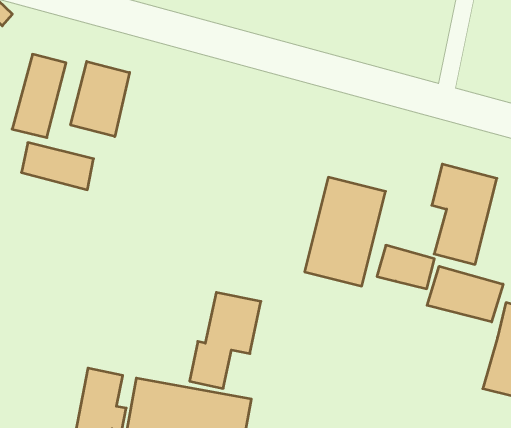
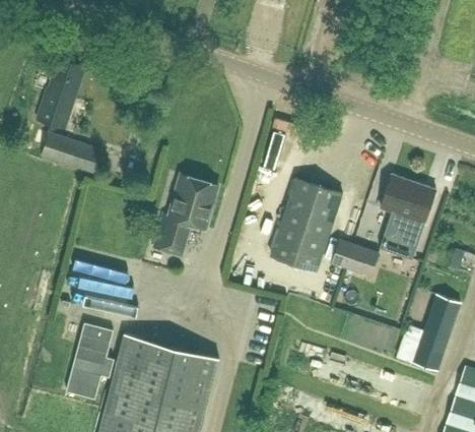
building: [71,61,130,137] -> none
building: [427,266,503,322] -> none
building: [190,292,261,388] -> [153,176,217,256]

